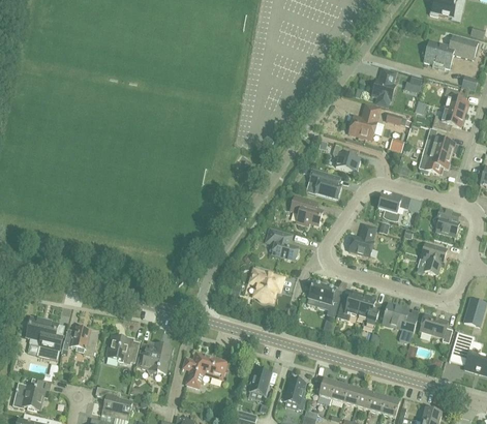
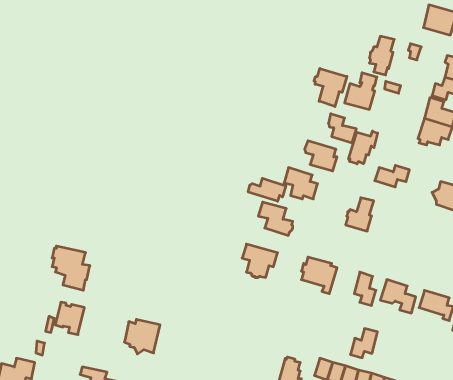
building: none -> [314,68,347,107]
building: none -> [349,131,378,164]
building: none -> [248,178,286,201]
building: [420,241,446,273] -> none
building: [336,292,362,320] -> [350,329,377,358]
building: [26,316,62,359] -> [52,246,90,290]
building: [105,334,139,364] -> none
building: [181,351,226,386] -> none
building: [250,366,271,393] -> none

